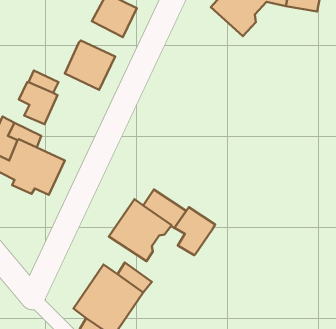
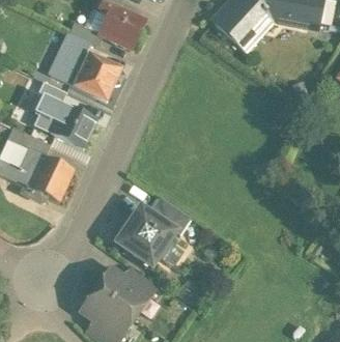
building: none -> [51,34,88,85]
building: none -> [54,106,96,148]
building: [175,207,215,255] -> none

